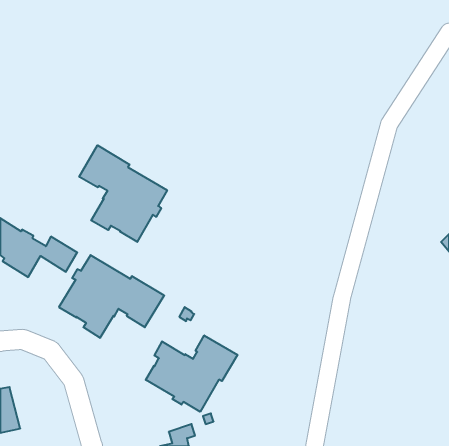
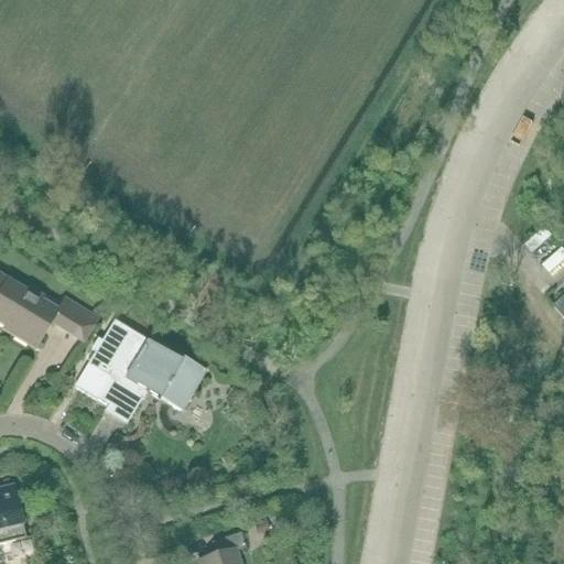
building: [79,145,167,242] -> none
building: [146,335,237,412] -> none

